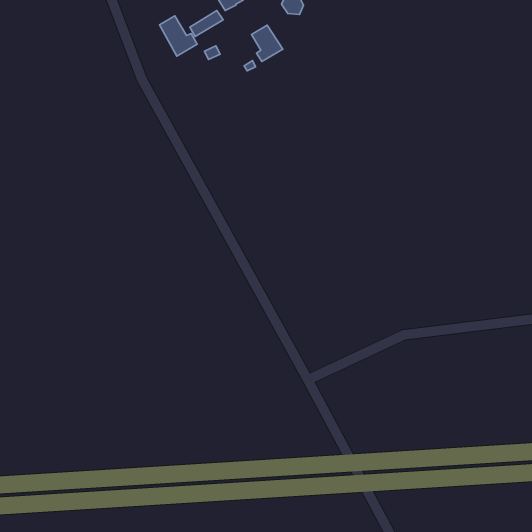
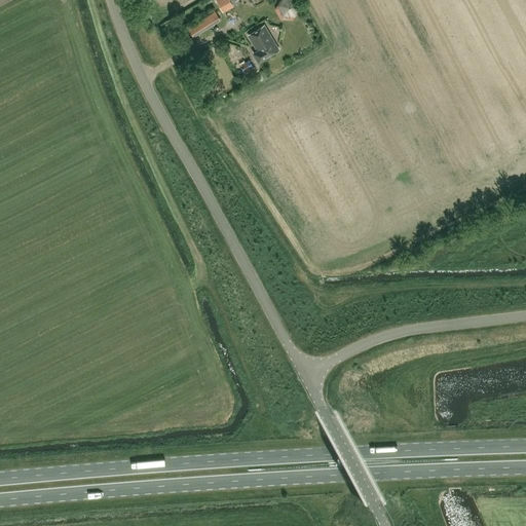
building: [159,16,197,56] -> none

